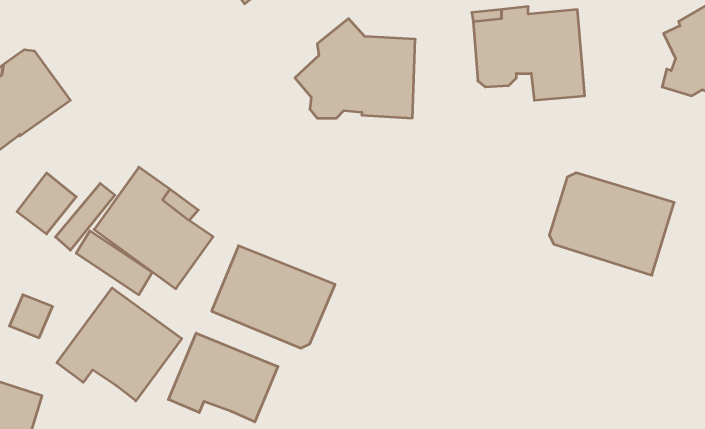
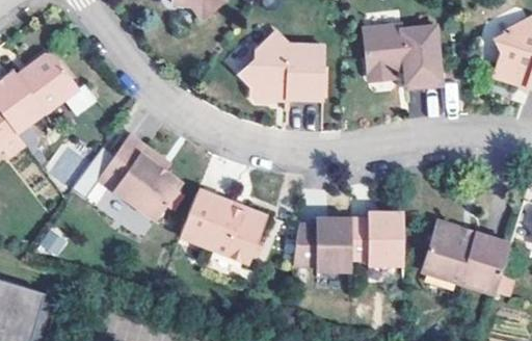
building: [549,173,674,275] -> [424,227,511,298]
building: none -> [292,213,403,271]
building: [57,288,182,401] -> none
building: [168,333,278,422] -> none

